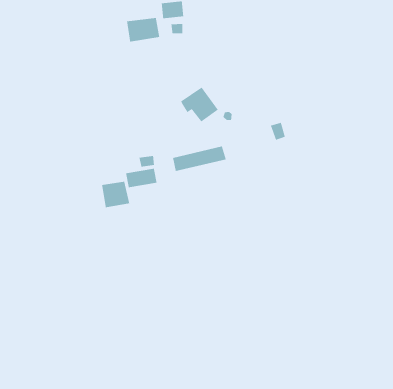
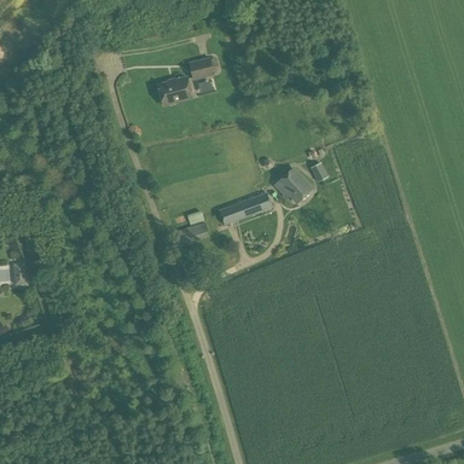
building: [180,86,219,123] -> [273,167,312,202]
building: [101,181,130,208] -> none

